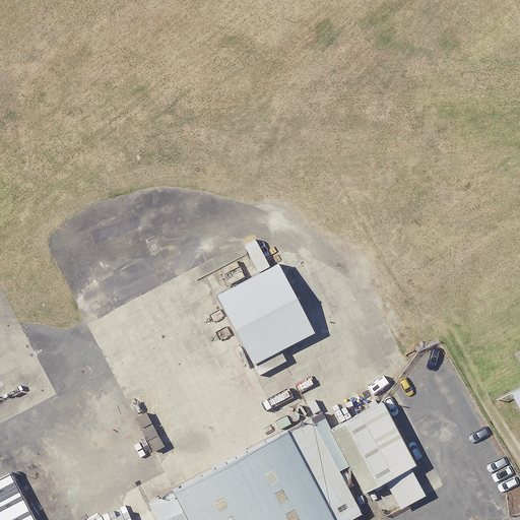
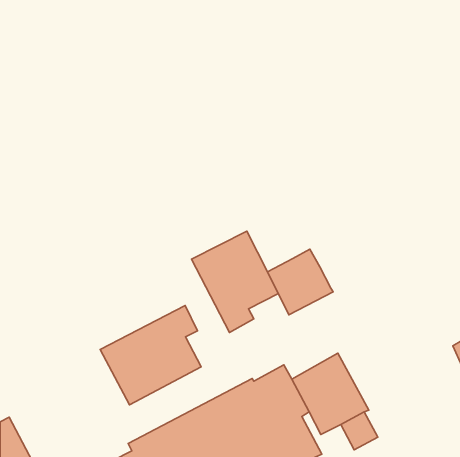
building: none -> [268,249,333,315]
building: none -> [100,305,201,405]

